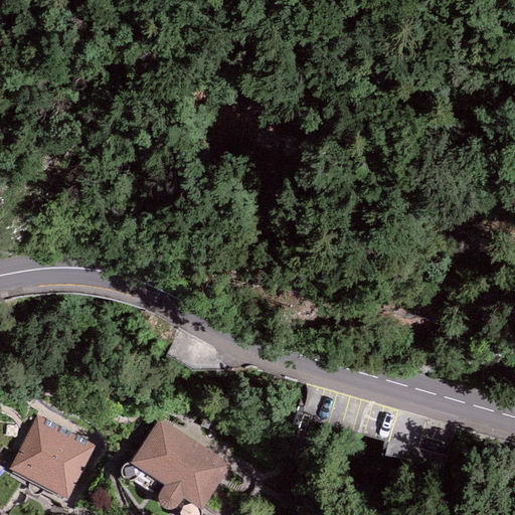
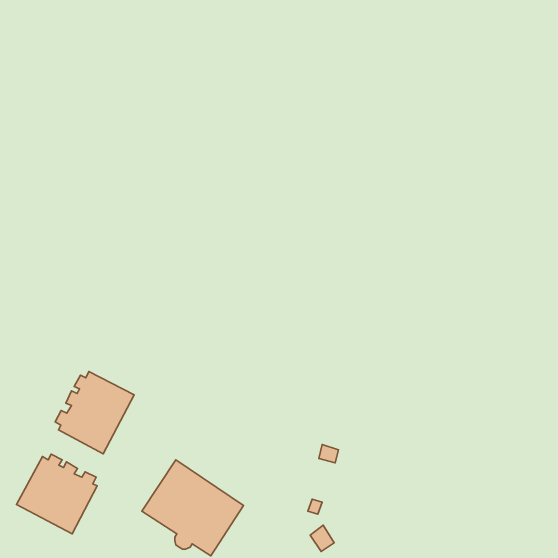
building: none -> [55,372,134,454]

